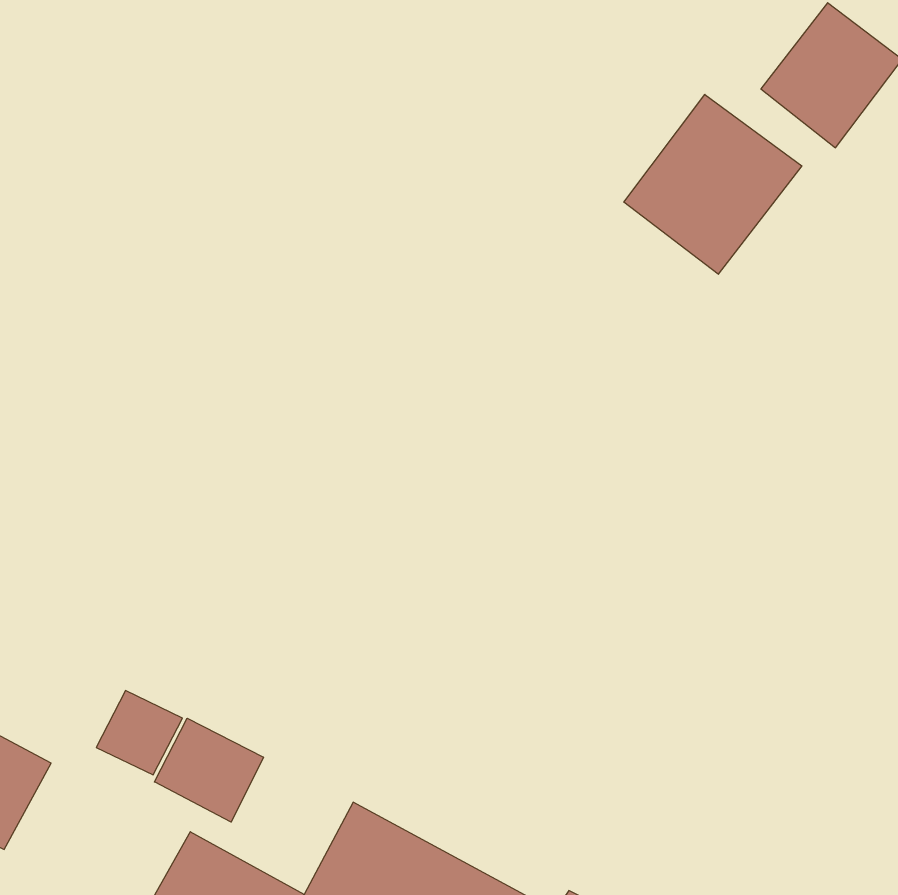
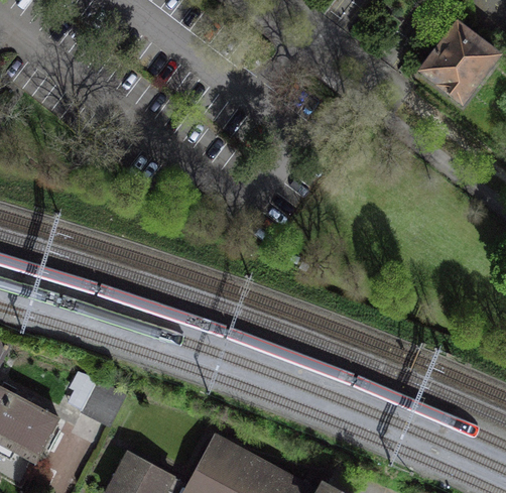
building: [624,94,802,274] -> none
building: [154,718,263,822] -> none

